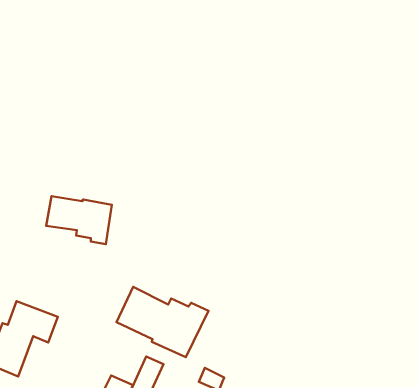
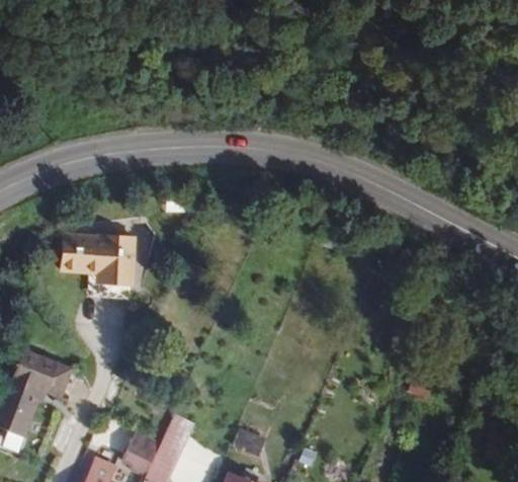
building: [117,287,209,357] -> none

